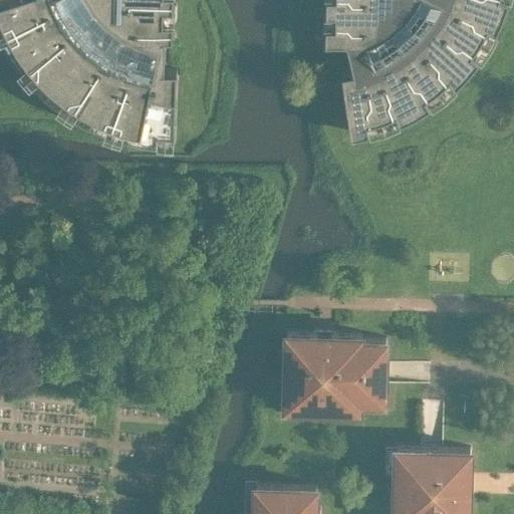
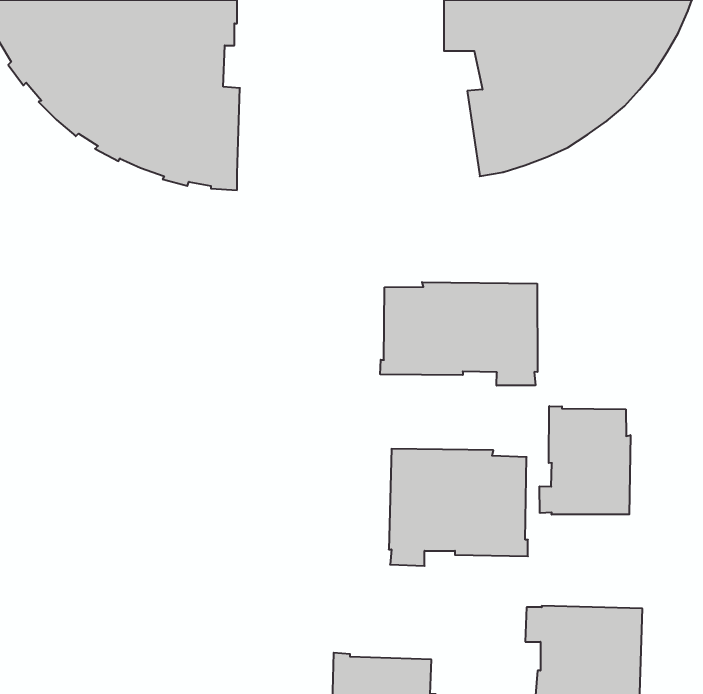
building: none -> [380,282,537,386]
building: none -> [540,406,630,515]

